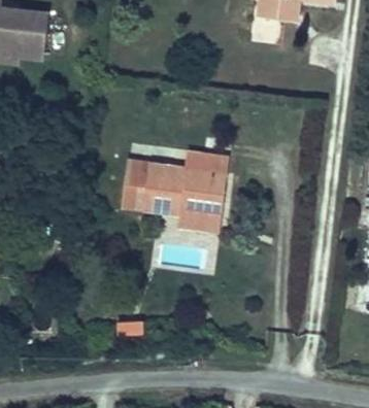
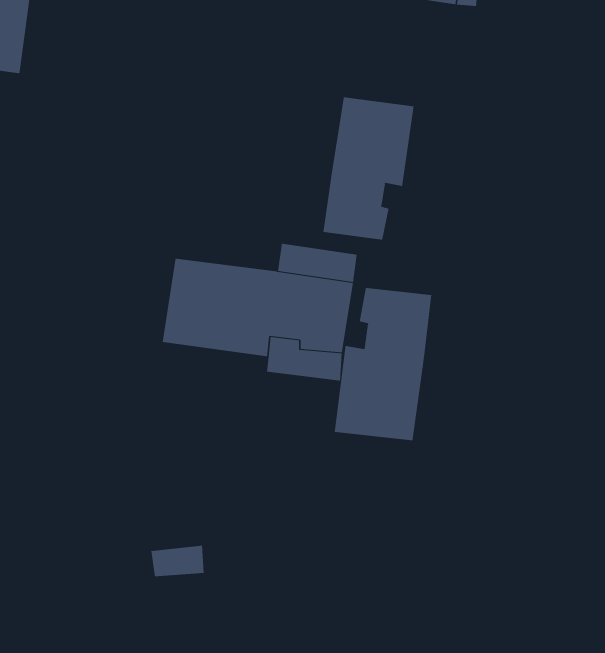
building: none -> [323,97,414,240]
building: none -> [334,287,432,441]

